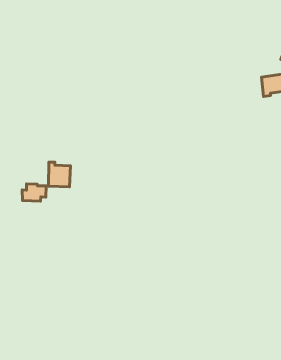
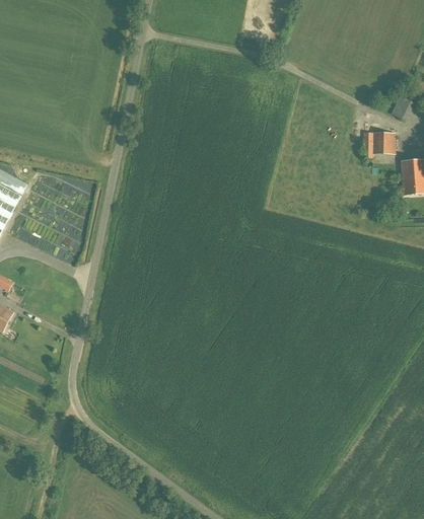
building: [48,162,71,187] -> none

